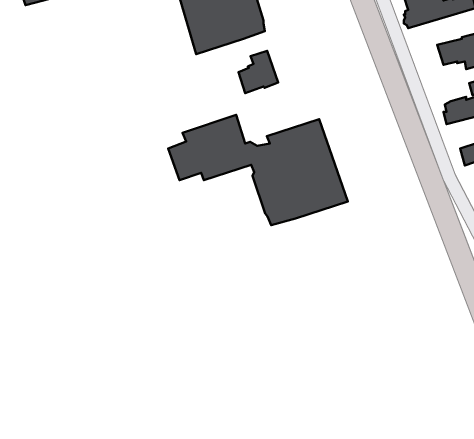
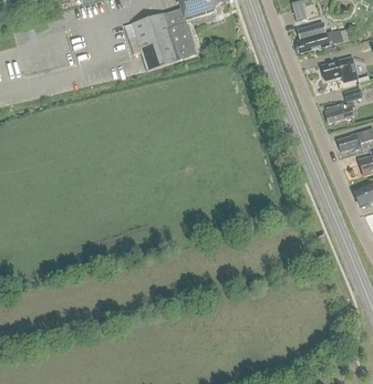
building: [239,51,278,93] -> none
building: [168,115,348,225] -> none

